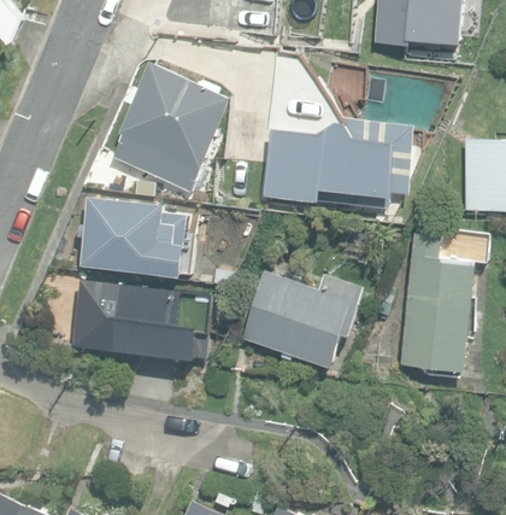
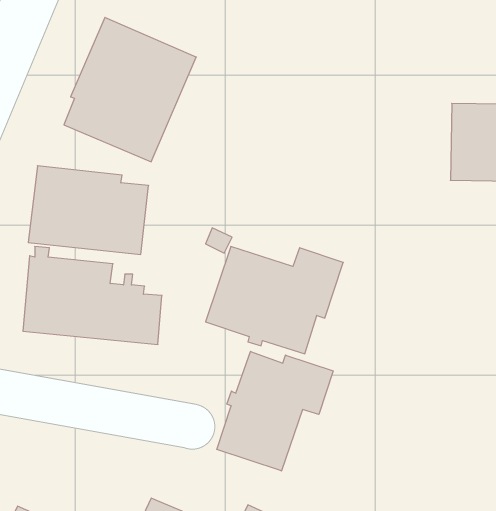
building: [261,112,412,204] -> none
building: [399,227,488,370] -> none
building: none -> [217,351,333,471]

